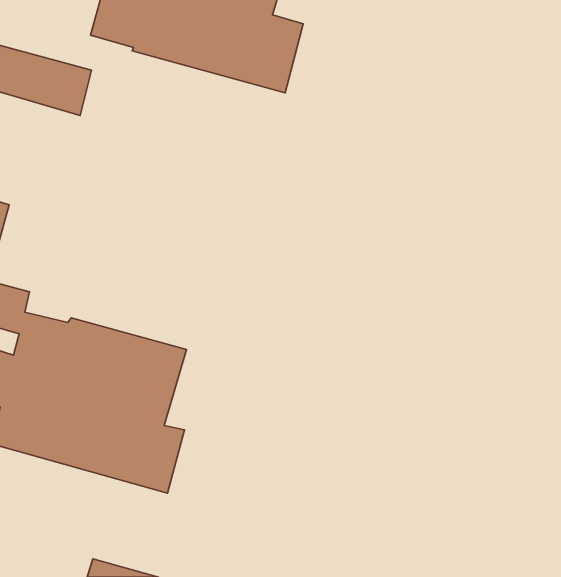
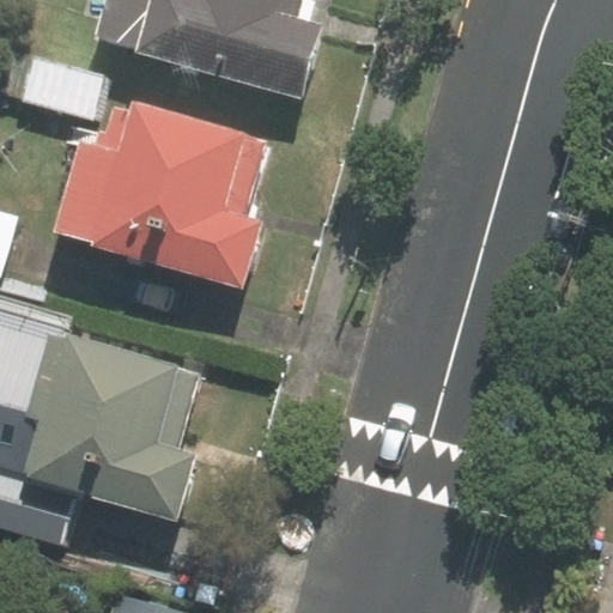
building: none -> [56,102,262,287]

